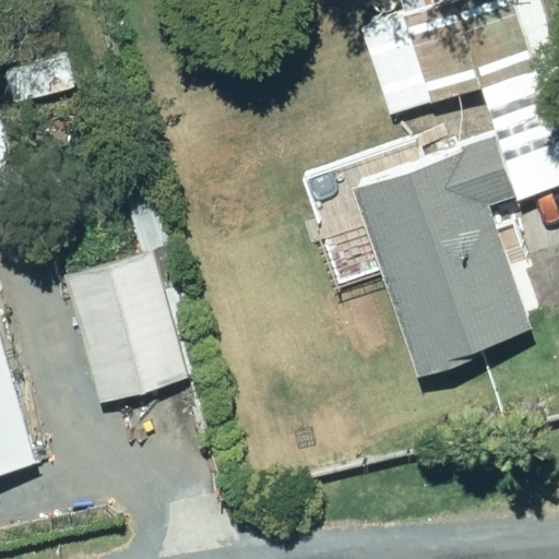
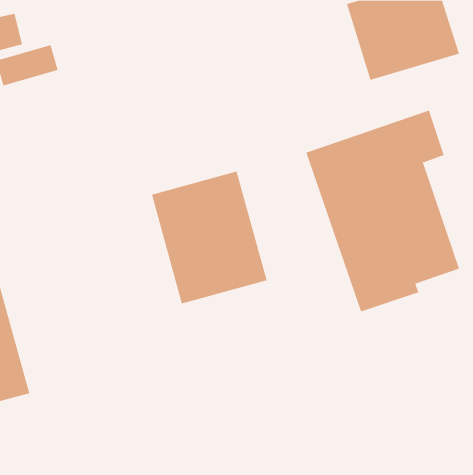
building: [60,251,194,405] -> [151,171,267,304]

